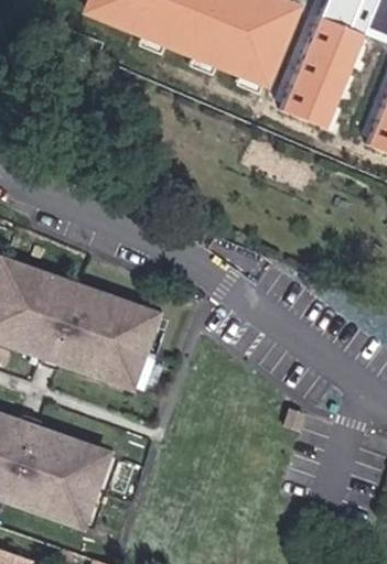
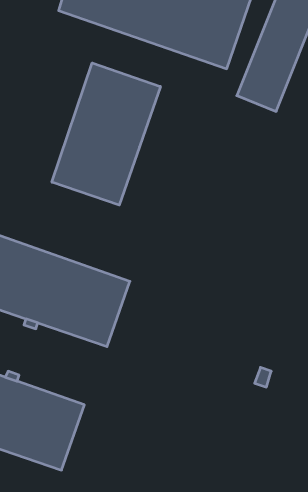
building: none -> [52,63,160,205]

